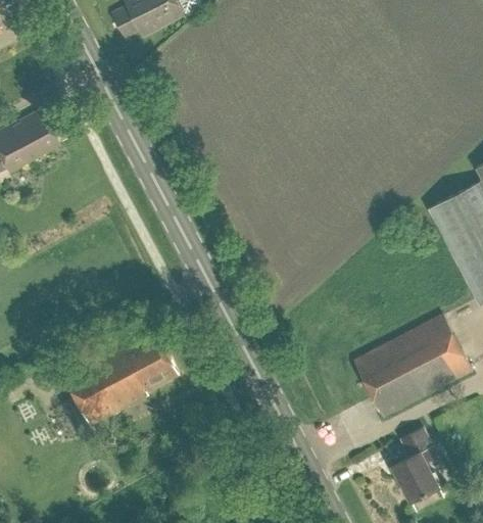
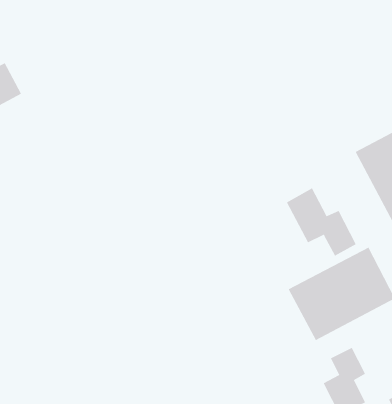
building: none -> [286,187,357,256]
building: [66,333,179,424] -> none

